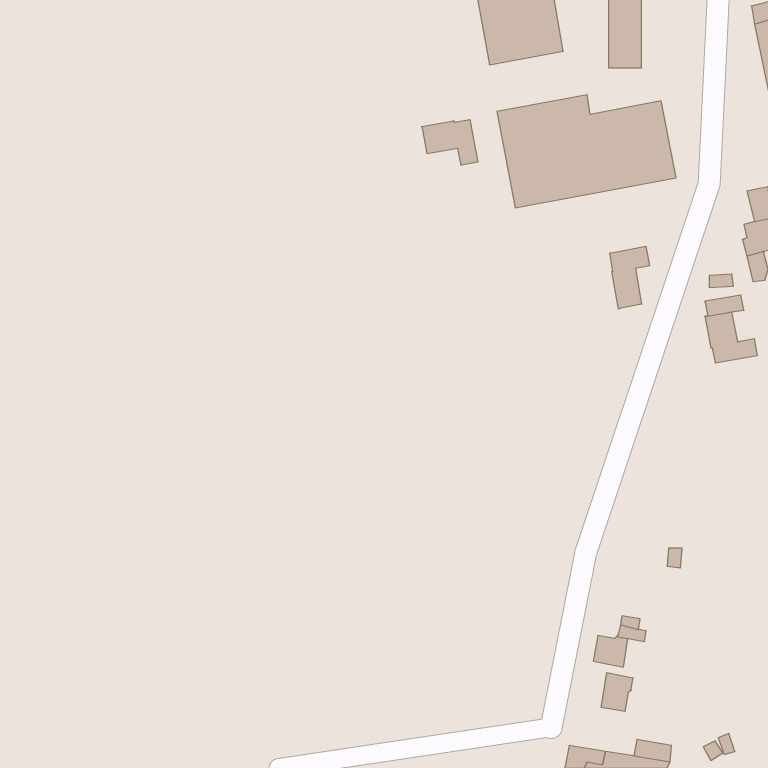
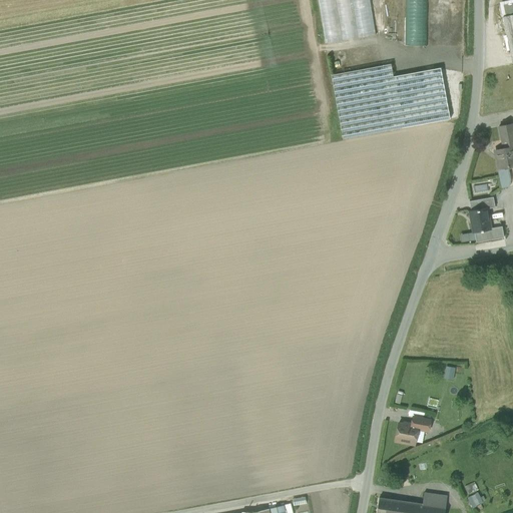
building: [422,120,478,165] -> none
building: [610,246,650,309] -> none
building: [601,673,633,712] -> none

